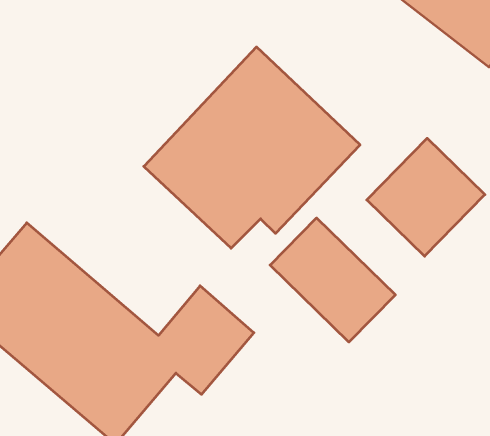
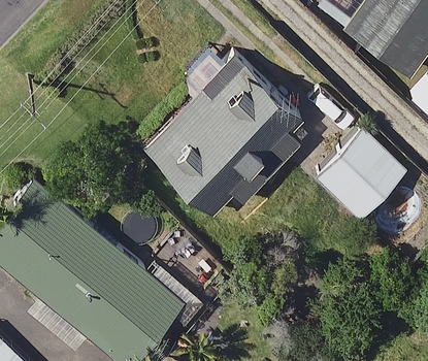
building: [270,218,395,342] -> none

